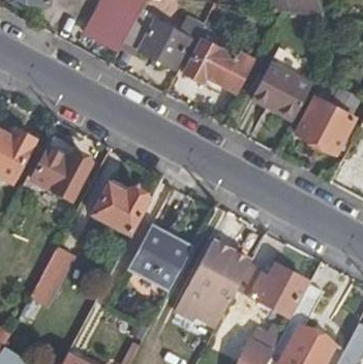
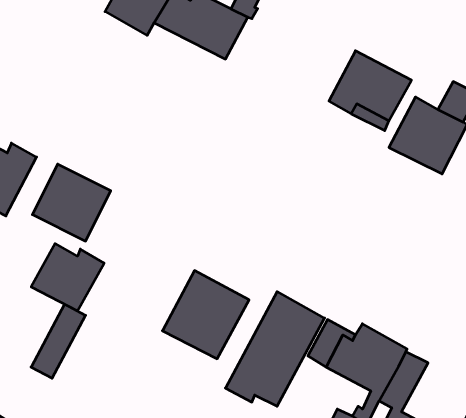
building: [183,38,255,92] -> none
building: [93,183,147,233] -> [31,244,104,311]

